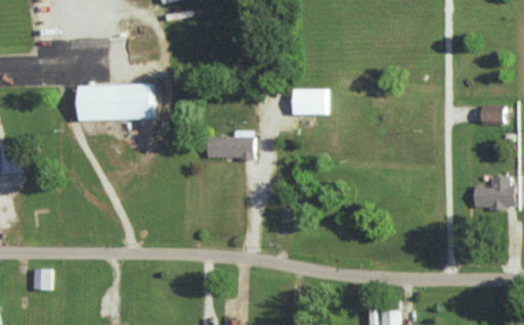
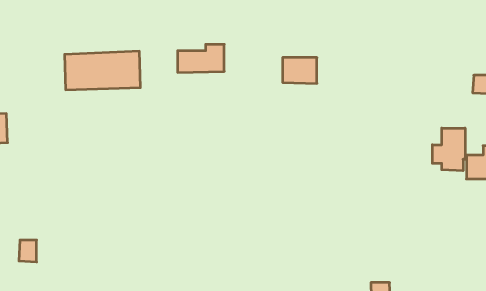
building: [207,131,253,158] -> [178,44,224,72]
building: none -> [432,128,465,171]

